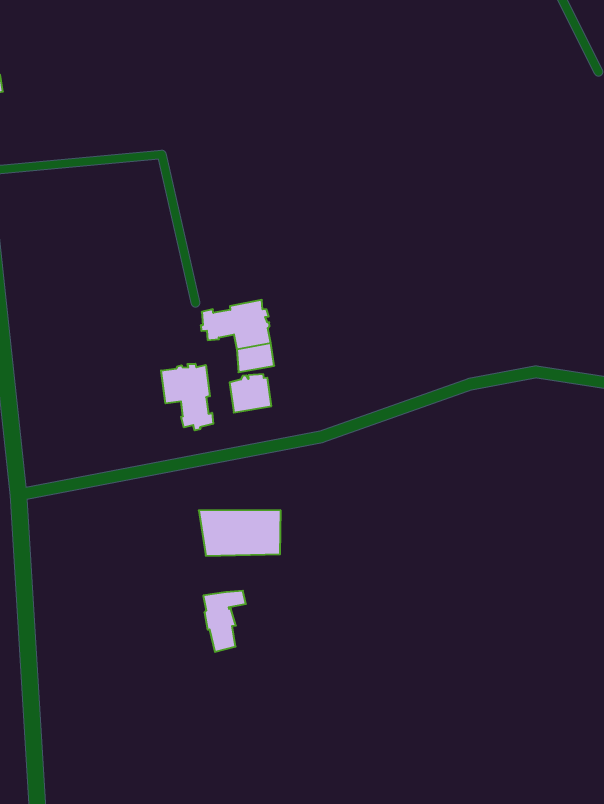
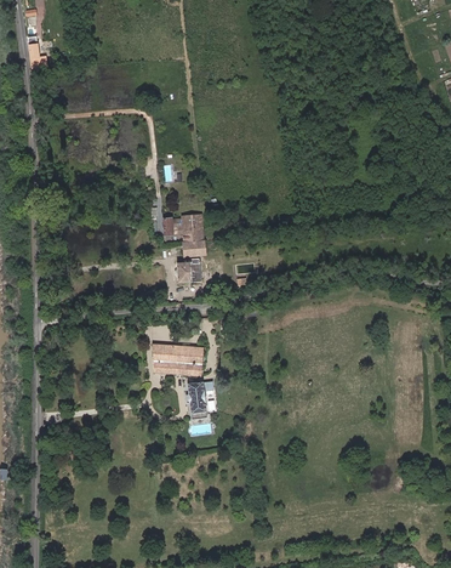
building: [161,364,213,430] -> none
building: [203,591,246,652] -> [187,381,213,419]

